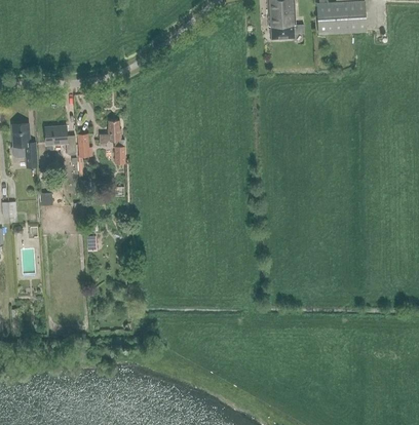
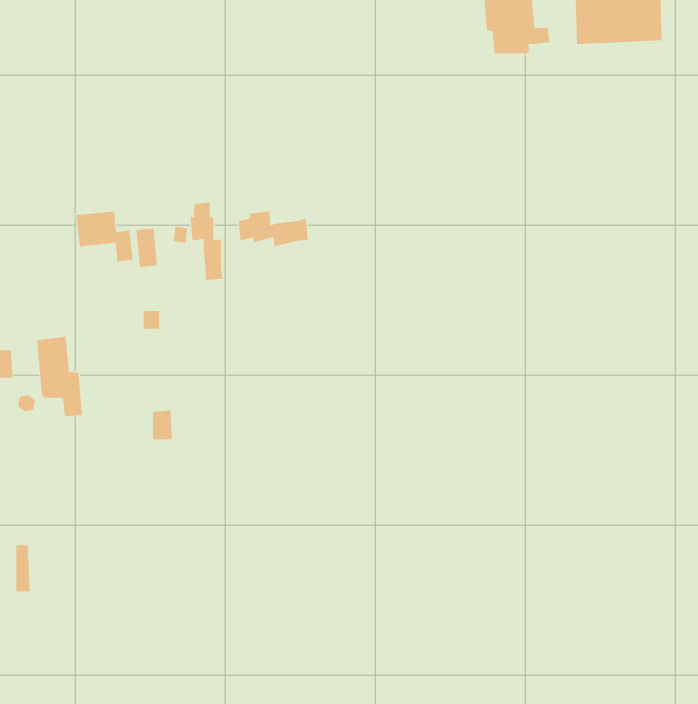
building: [10,123,36,167] -> [36,336,83,417]
building: none -> [238,210,308,247]

